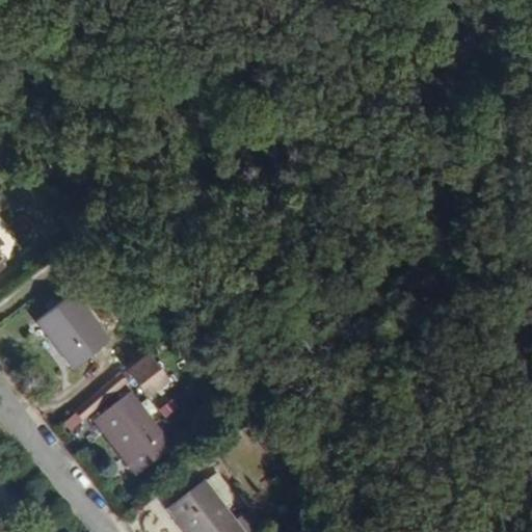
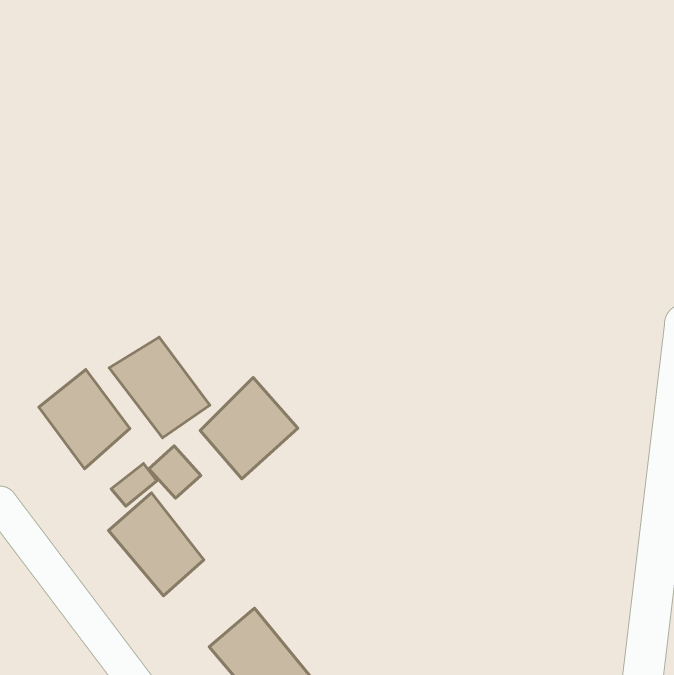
building: none -> [109,337,210,438]
building: none -> [200,377,298,479]

